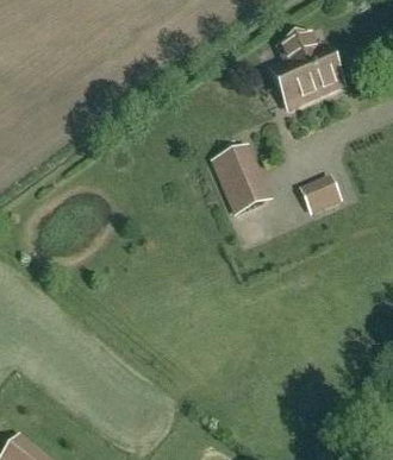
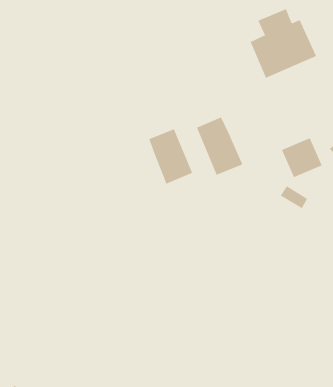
building: none -> [148,128,193,184]

